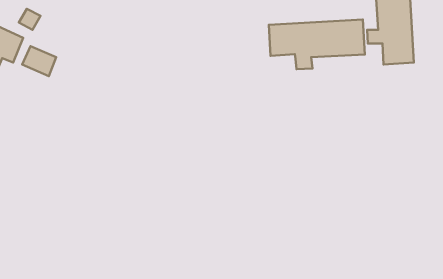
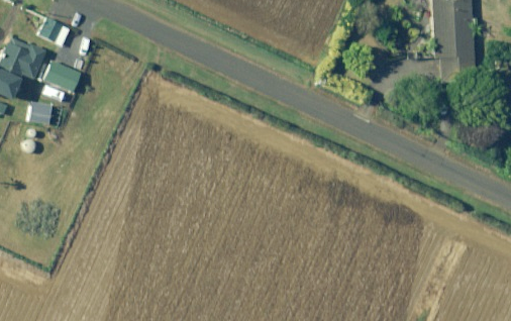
building: [269,20,365,69] -> none
building: none -> [28,101,53,123]

